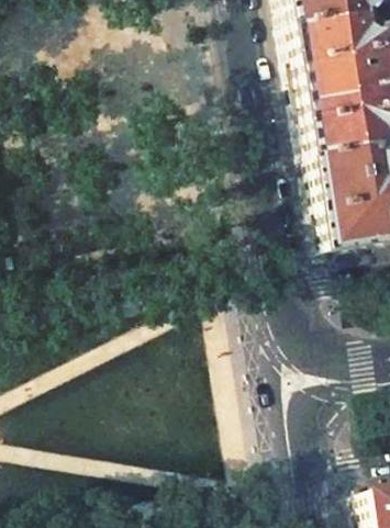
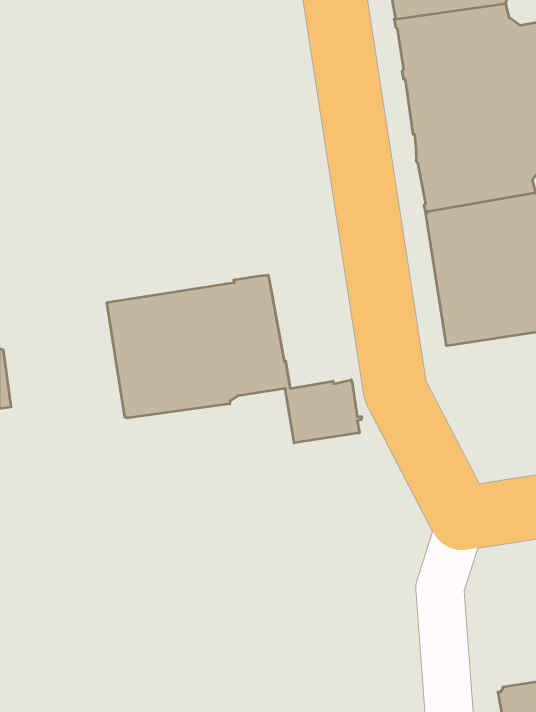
building: none -> [107,275,362,443]

